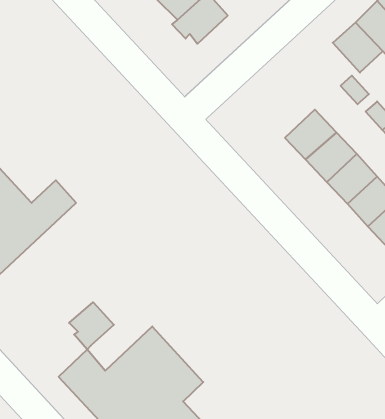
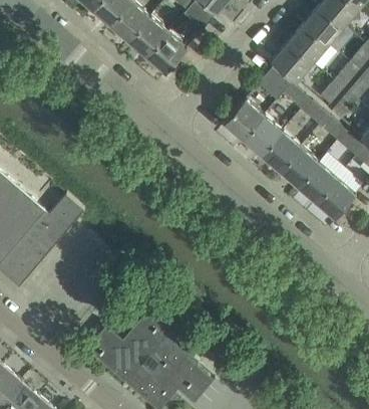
building: none -> [258,68,290,99]
building: none -> [224,98,264,140]
building: [69,302,114,350] -> none

